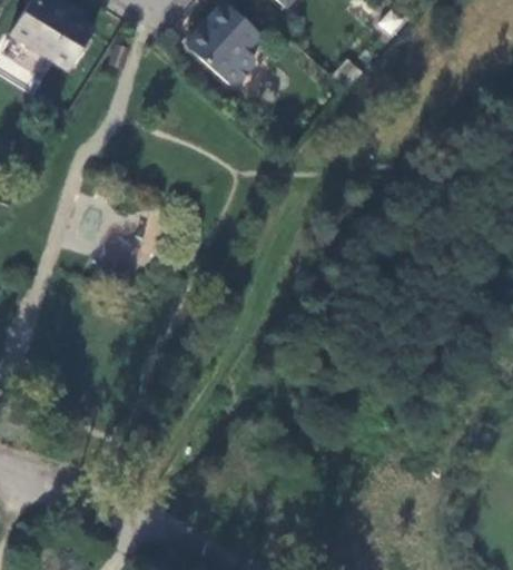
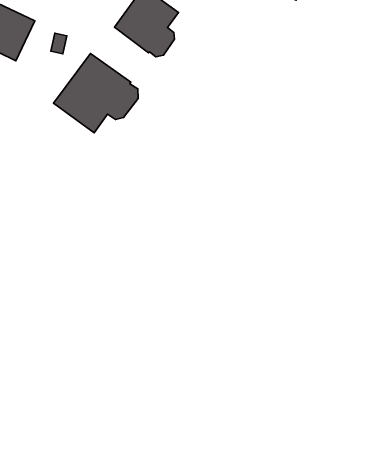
building: none -> [53,54,138,133]

